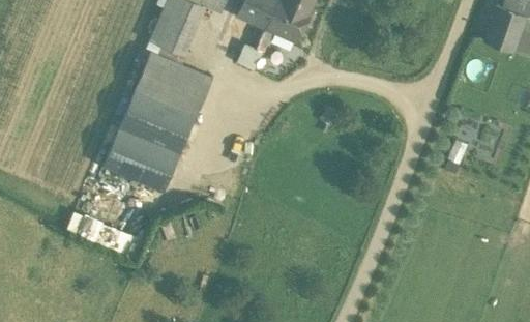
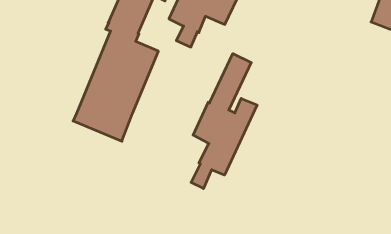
building: none -> [191,54,257,189]

